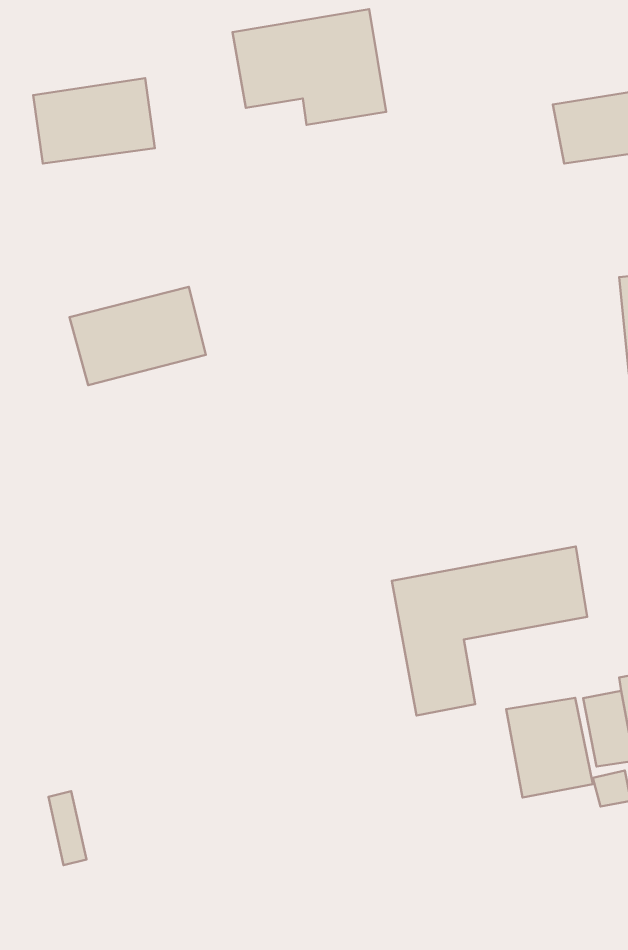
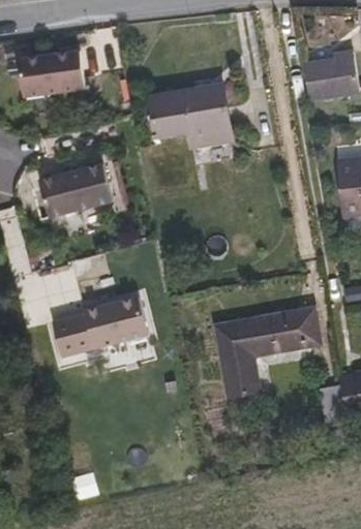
building: [233,9,386,125] -> [149,84,233,147]
building: none -> [52,298,149,359]
building: [506,698,593,798] -> none

